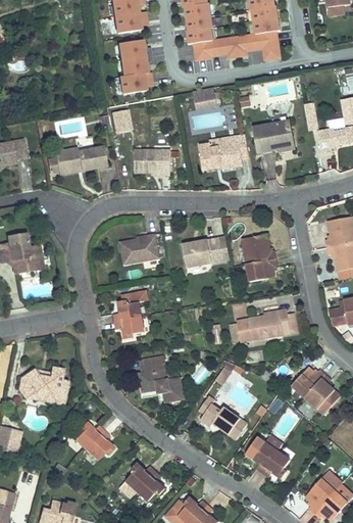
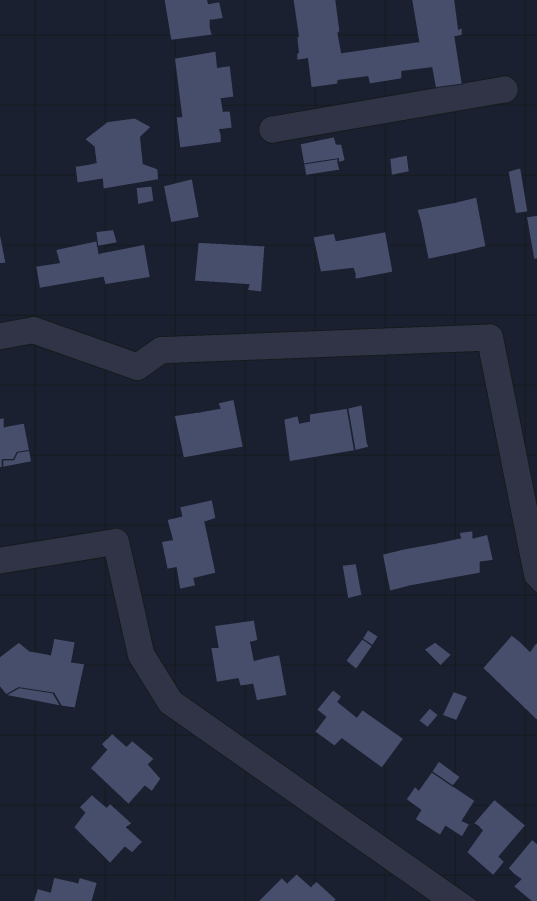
building: none -> [75,118,158,189]
building: [242,233,276,281] -> none
building: none -> [466,799,526,876]
building: [129,460,167,498] -> [74,794,143,864]

